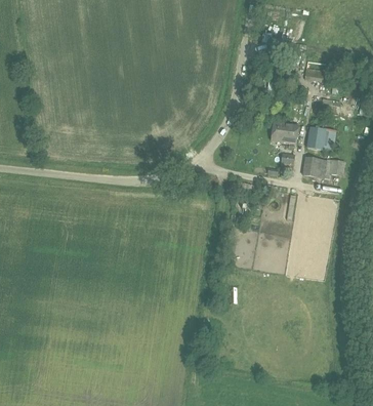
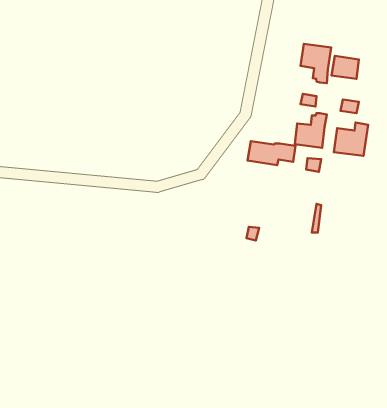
building: none -> [301,44,331,83]
building: [301,157,344,178] -> [247,141,296,165]

